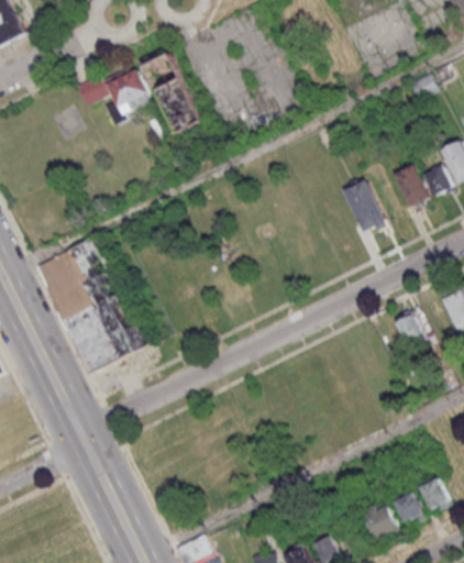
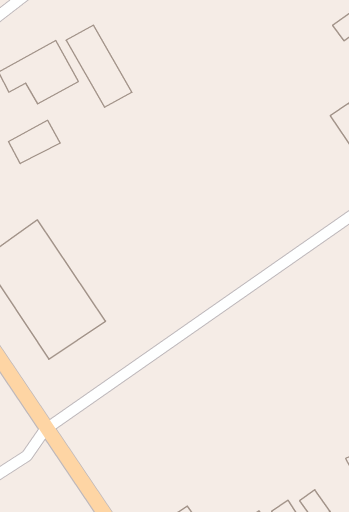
building: none -> [9,120,60,164]
building: [343,179,387,231] -> none

